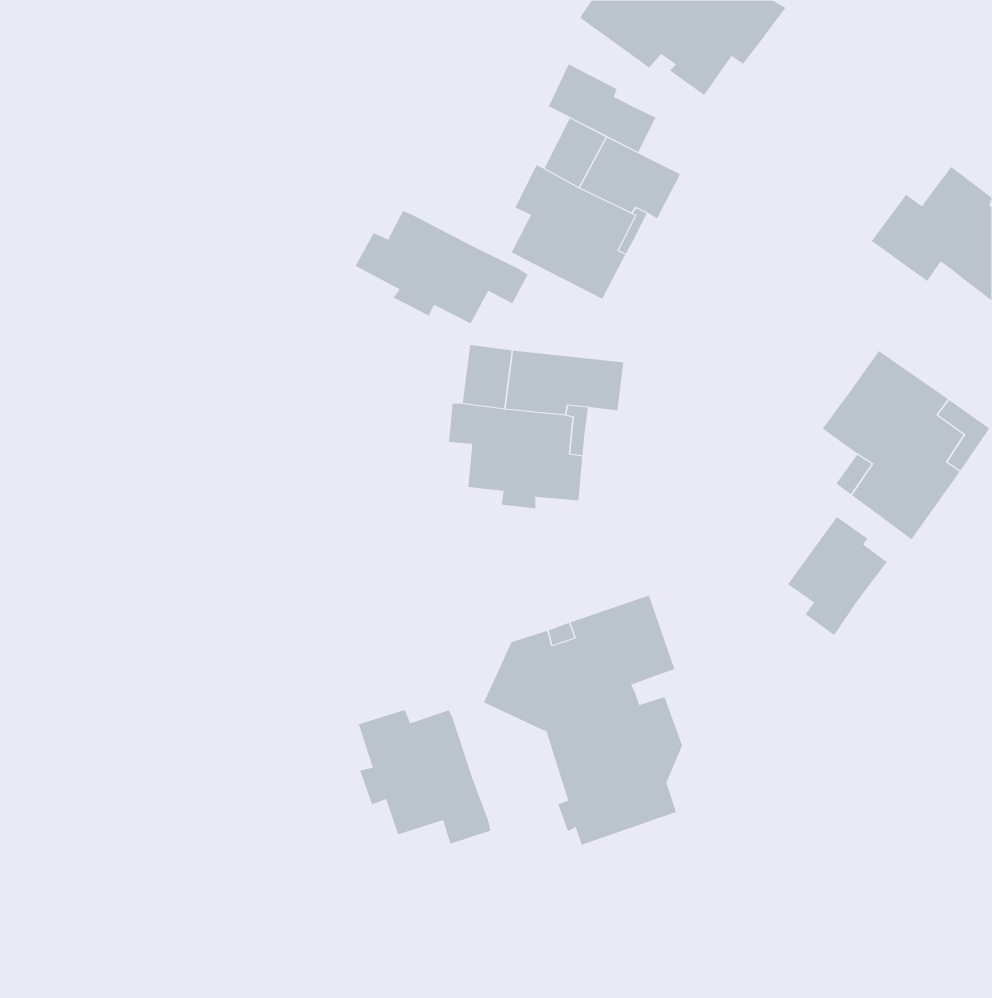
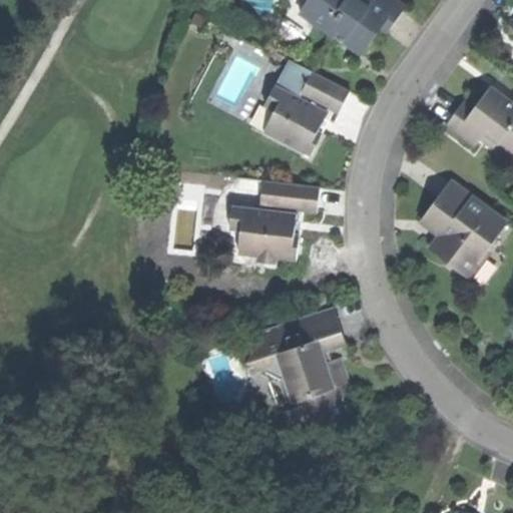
building: [548,63,656,153] -> none
building: [355,210,528,324] -> none
building: [787,516,888,636] -> none
building: [358,709,491,844] -> none

